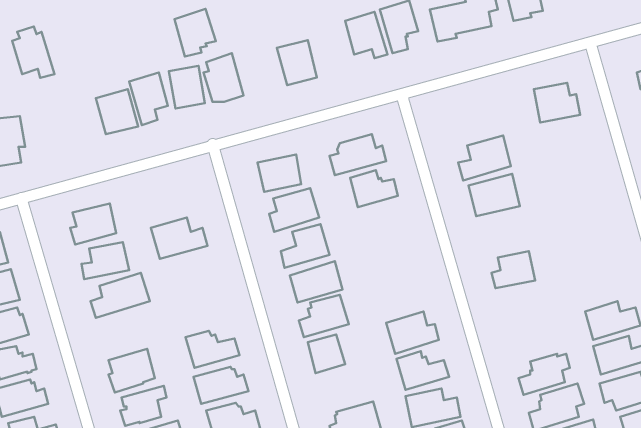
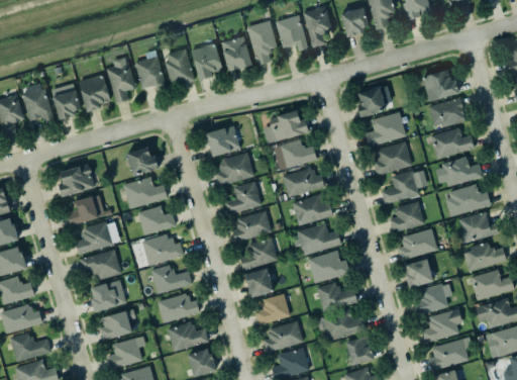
building: [175,9,216,56] -> [190,42,222,80]
building: none -> [245,19,277,66]
building: [12,27,54,78] -> [21,83,55,123]
building: none -> [55,84,81,118]
building: none -> [356,87,387,117]
building: none -> [427,97,464,127]
building: none -> [431,127,475,159]
building: none -> [127,147,158,177]
building: none -> [435,159,484,187]
building: none -> [284,169,325,196]
building: none -> [382,169,428,203]
building: none -> [445,183,491,216]
building: none -> [293,194,333,225]
building: none -> [136,205,175,235]
building: none -> [455,212,499,244]
building: none -> [291,223,342,256]
building: none -> [398,228,438,260]
building: none -> [140,233,183,265]
building: none -> [81,251,121,281]
building: none -> [404,259,434,288]
building: none -> [255,293,291,325]

